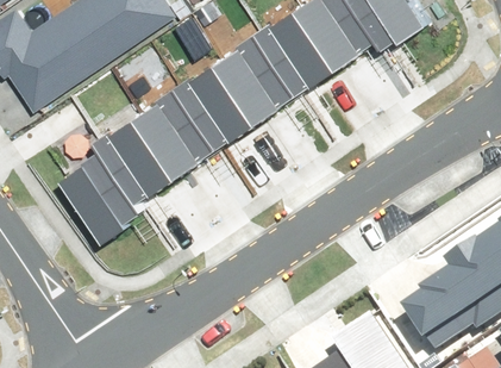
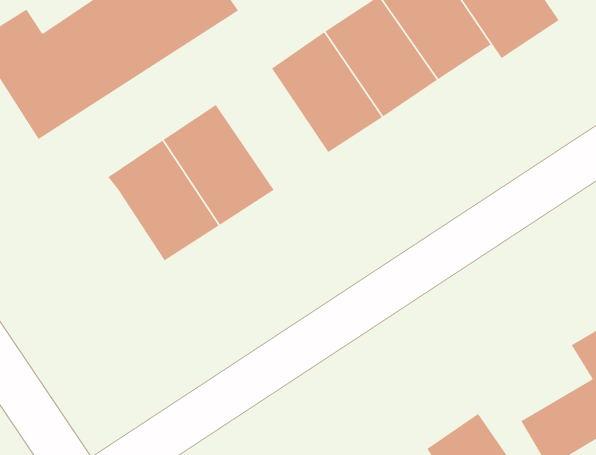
building: [177,56,259,145] -> none
building: [63,145,144,237] -> none

